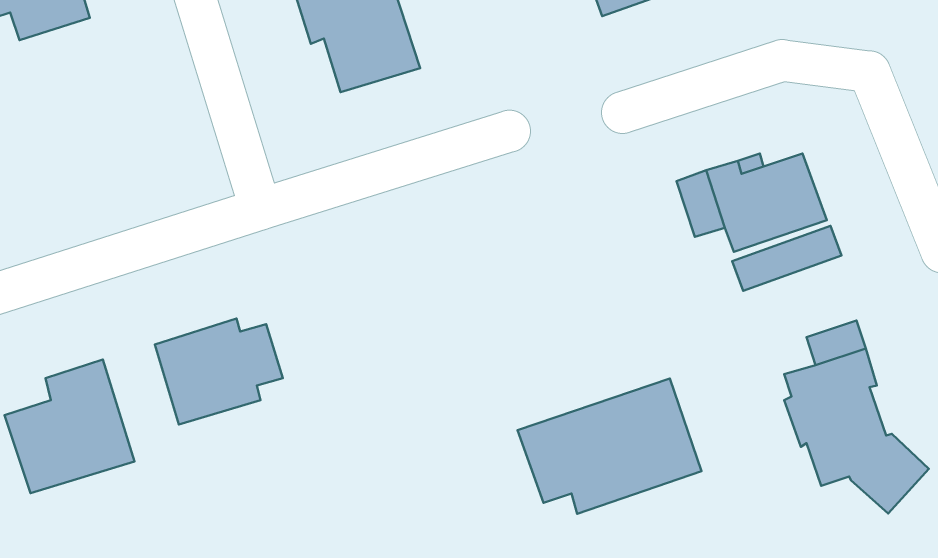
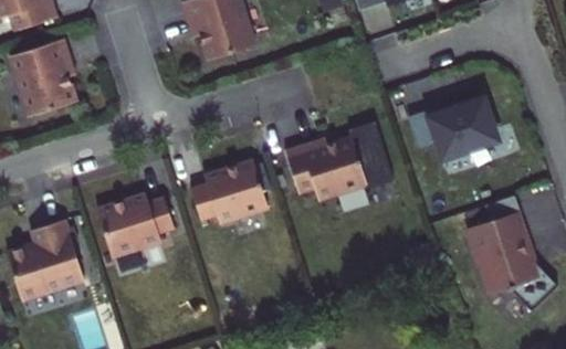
building: none -> [12,38,78,115]
building: none -> [192,160,270,223]
building: [518,378,701,514] -> [285,121,395,202]

